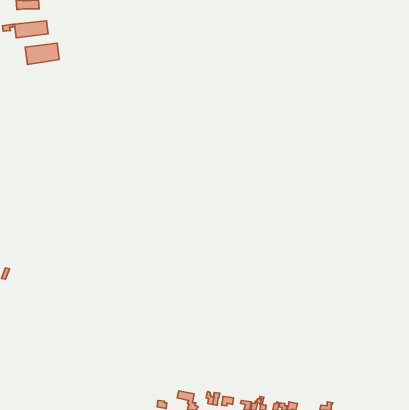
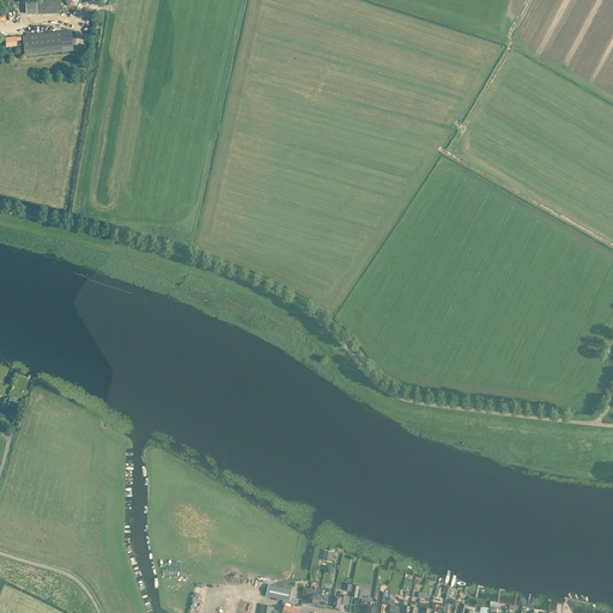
building: [25,43,59,65] -> none

